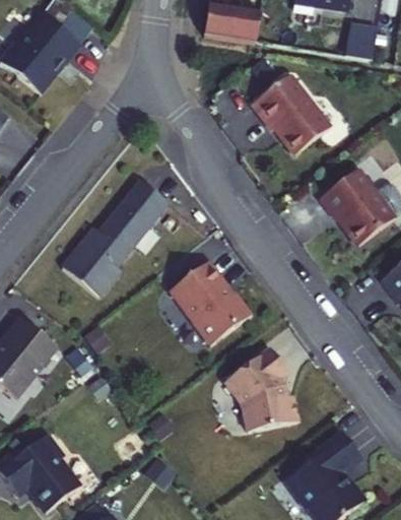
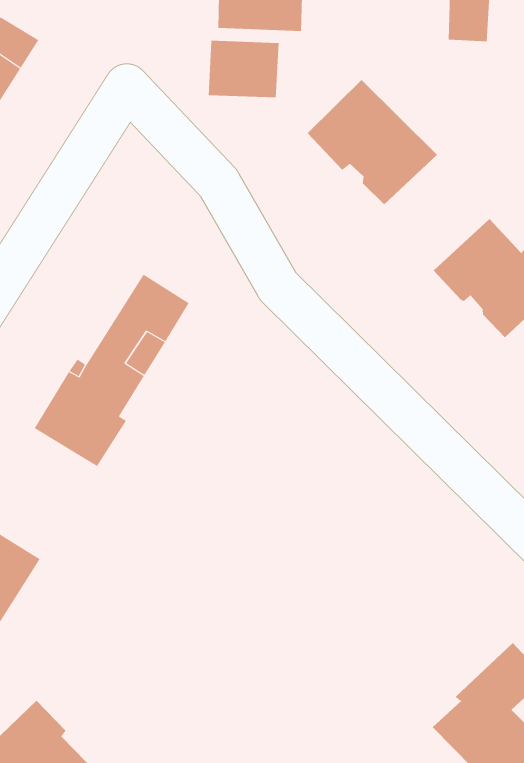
building: none -> [208,40,279,98]
building: [170,260,252,343] -> none
building: [224,347,297,431] -> none

